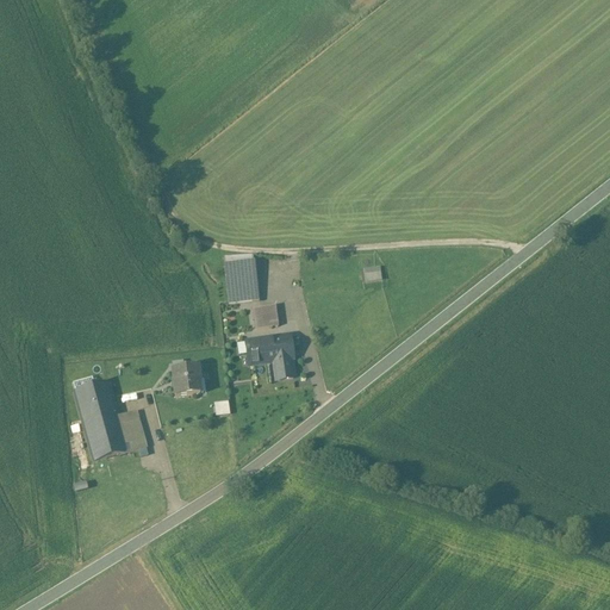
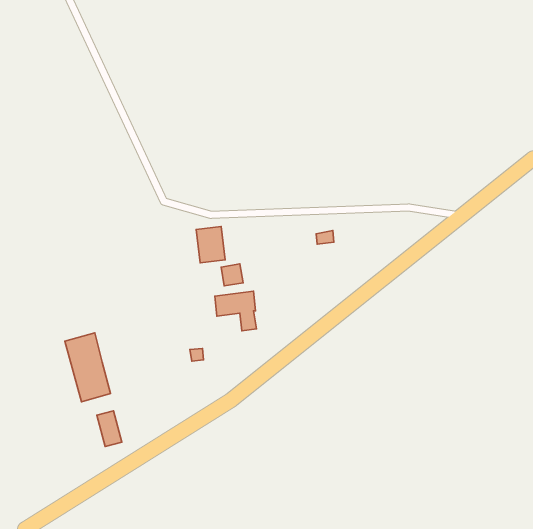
building: [173,363,201,394] -> none
building: [117,409,145,449] -> [97,411,122,446]

